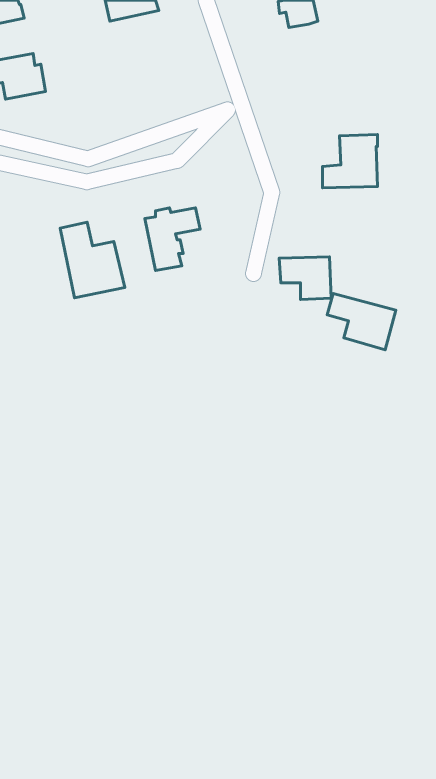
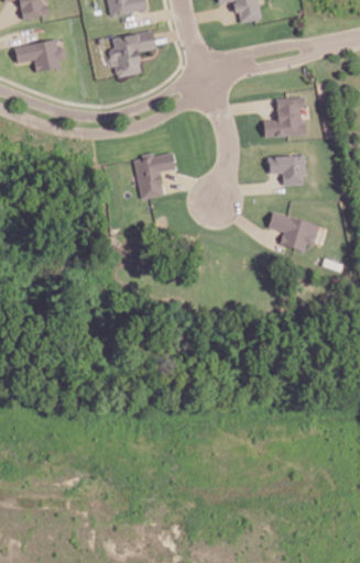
building: none -> [111,29,157,74]
building: [60,222,125,298] -> none
building: [279,257,331,300] -> [268,155,305,186]

